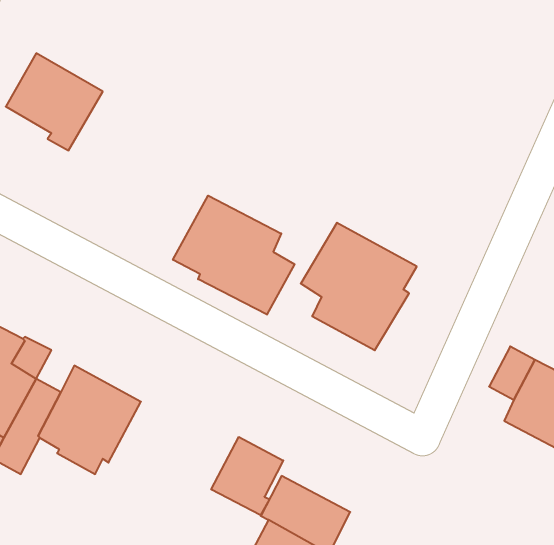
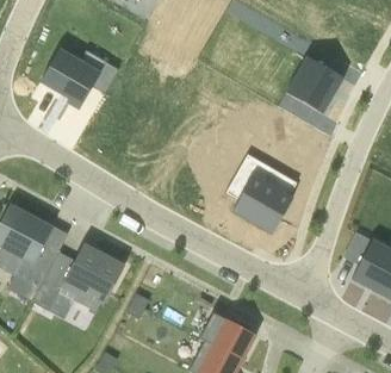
building: none -> [285,56,342,113]
building: [173,196,295,315] -> none
building: [211,437,283,515] -> none

